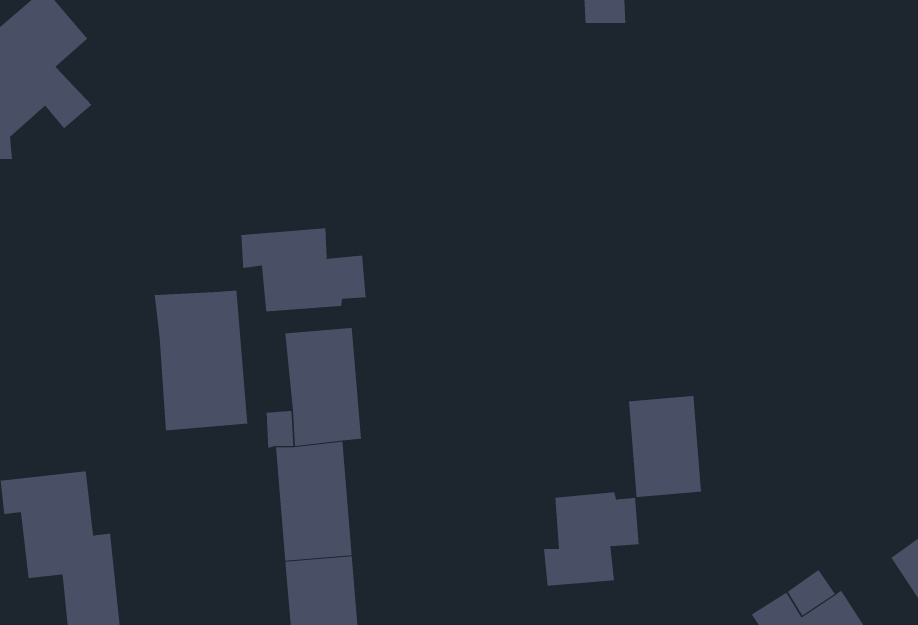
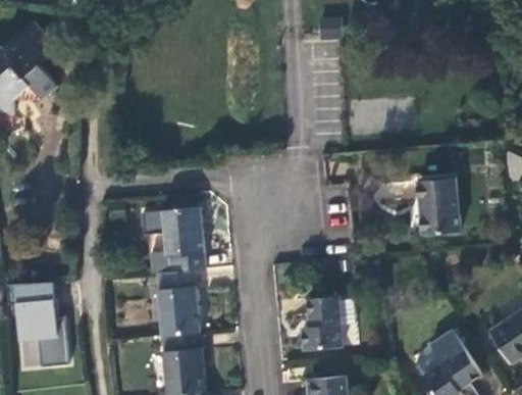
building: [241,227,366,312] -> none
building: [154,290,248,431] -> none
building: [628,395,702,497] -> [415,177,455,232]

